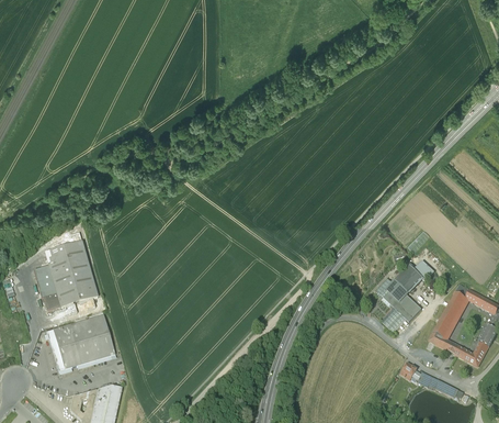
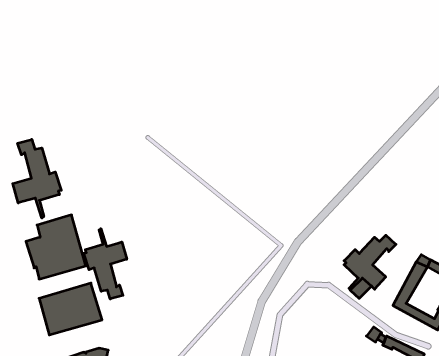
building: none -> [13,139,61,218]
building: none -> [84,229,127,299]

